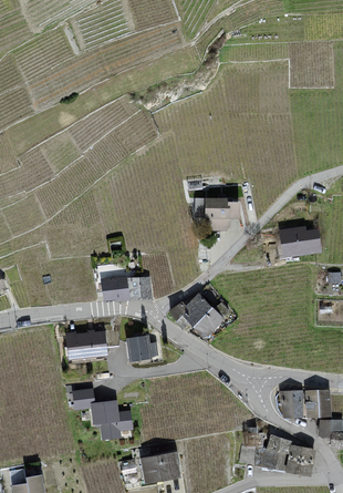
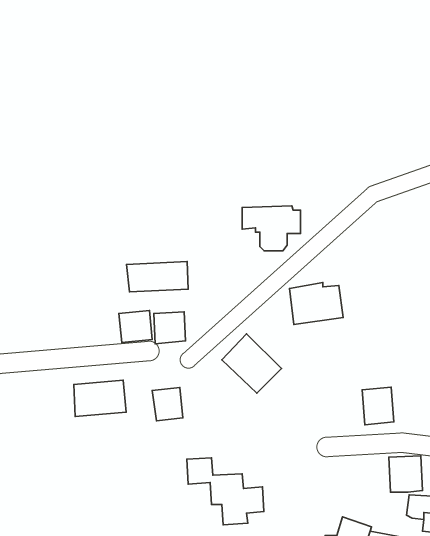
building: [279,226,320,258] -> [290,283,343,325]
building: none -> [127,262,188,292]
building: [280,388,304,417] -> [362,387,394,425]
building: [73,389,132,440] -> [187,458,264,525]

